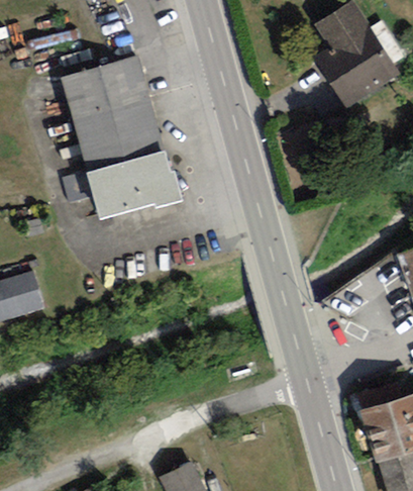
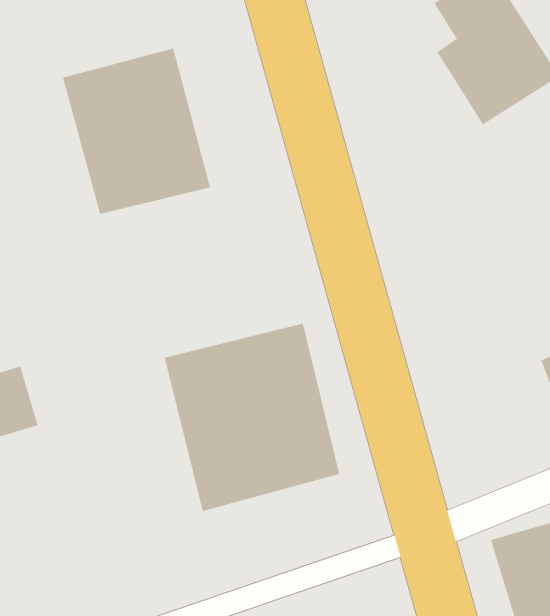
building: [86,149,181,216] -> none
building: none -> [164,323,340,512]

